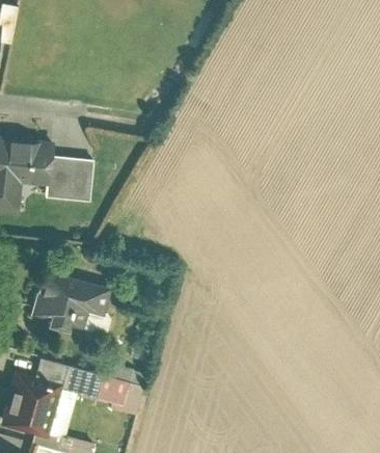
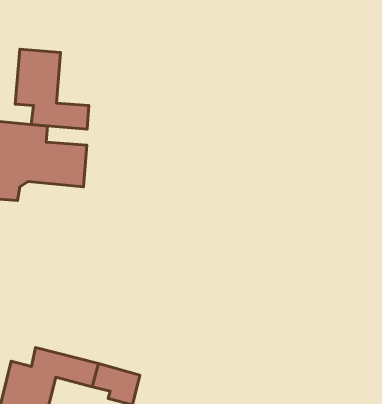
building: none -> [15,49,89,129]
building: [32,274,111,327] -> none

